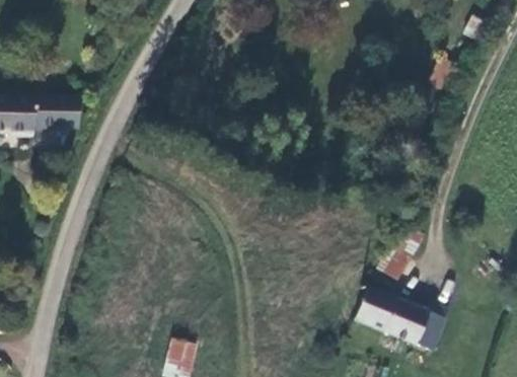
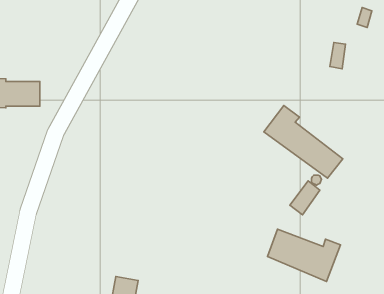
building: none -> [264,105,343,178]

